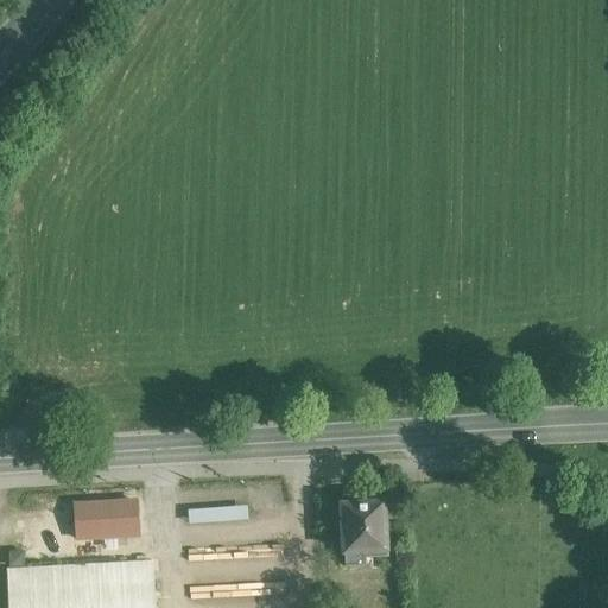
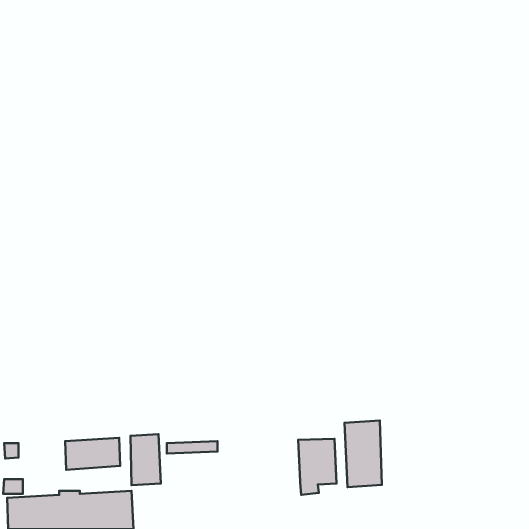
building: none -> [344,420,382,487]
building: none -> [131,434,161,485]

